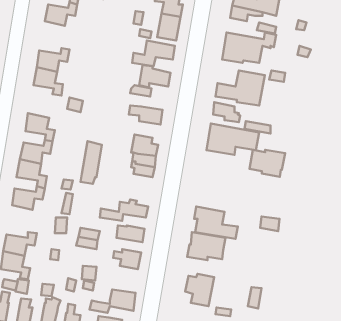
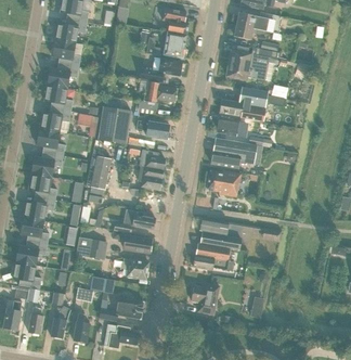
building: none -> [52,39,81,66]
building: none -> [99,106,131,143]
building: none -> [39,110,72,132]
building: [249,150,285,177] -> [207,170,242,196]
building: none -> [21,217,50,244]

